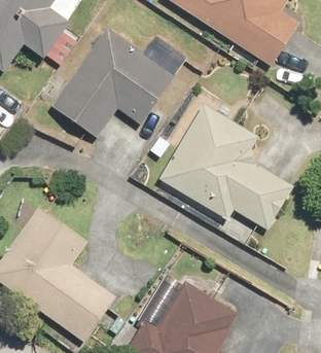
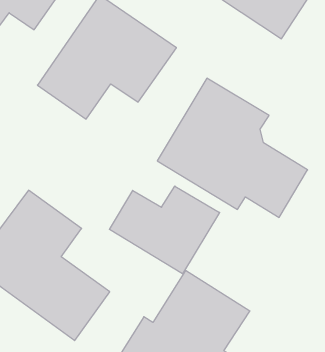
building: none -> [109,186,220,274]

